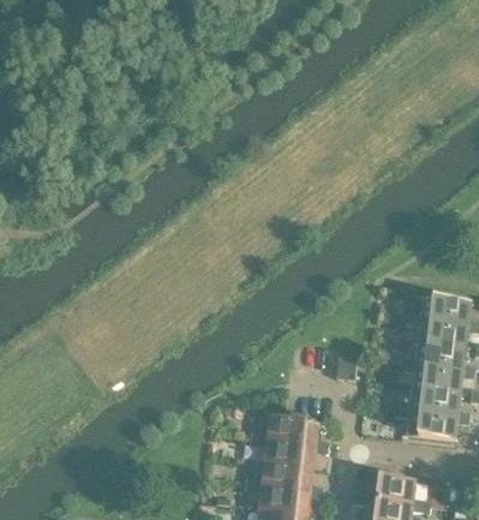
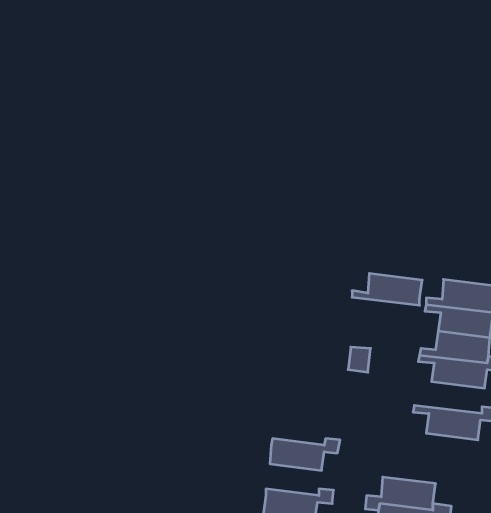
building: [399,388,462,417] -> [352,273,422,305]
building: [252,414,321,446] -> none
building: [247,462,315,491] -> none

